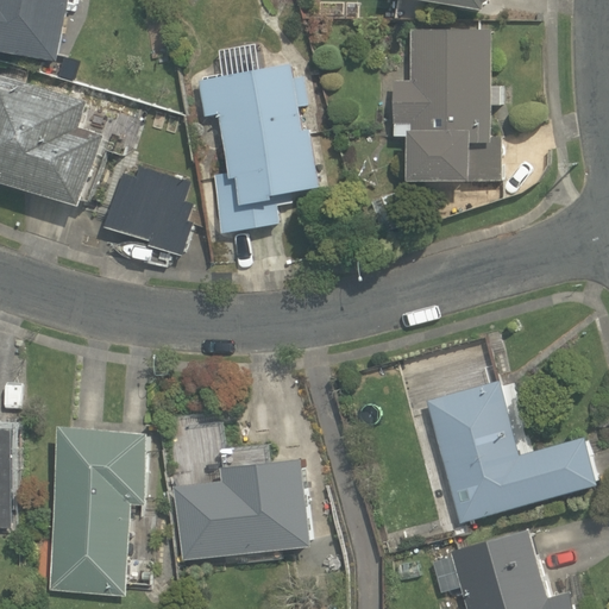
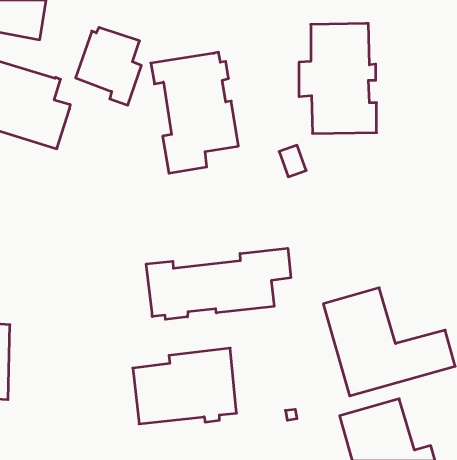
building: [105,168,192,270] -> [76,27,141,105]
building: none -> [146,248,291,319]
building: [46,426,151,597] -> none

